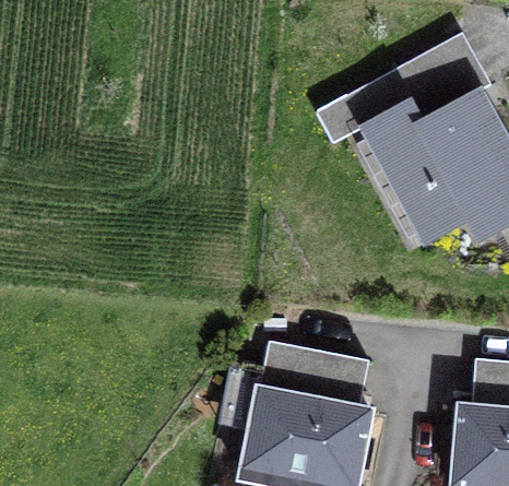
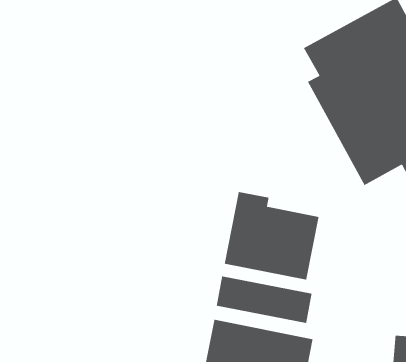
building: none -> [224,191,319,280]

